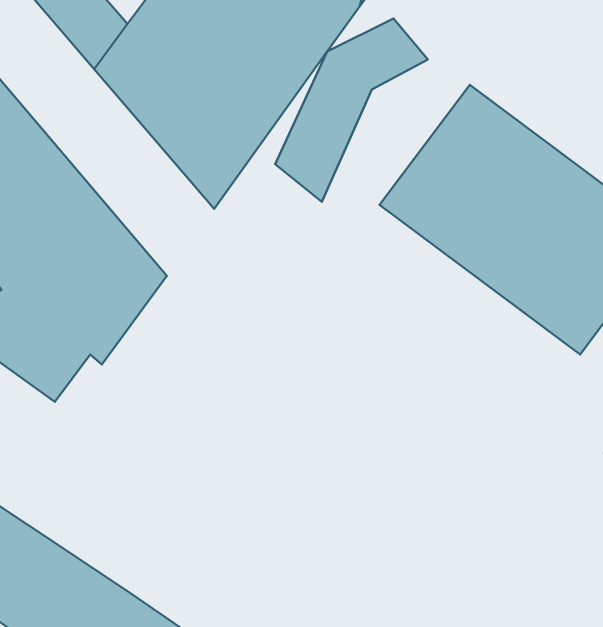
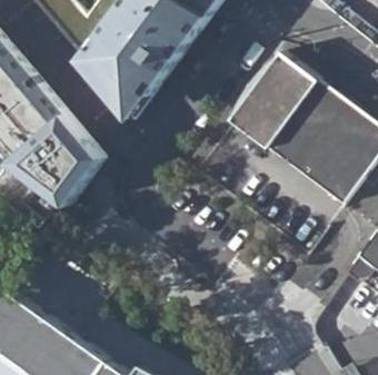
building: [275,18,428,202] -> none

